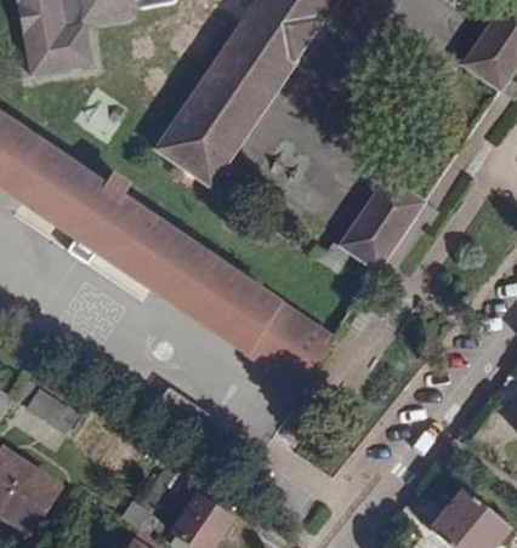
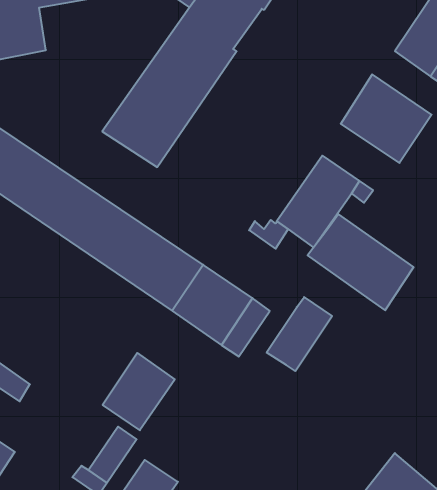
building: none -> [341,74,432,163]
building: none -> [308,214,414,310]
building: none -> [267,297,332,371]
building: none -> [103,353,175,430]

